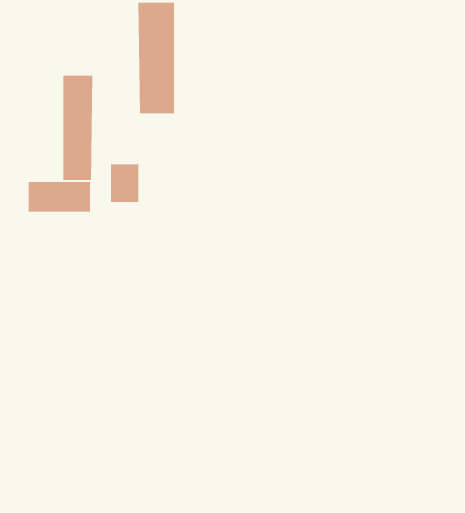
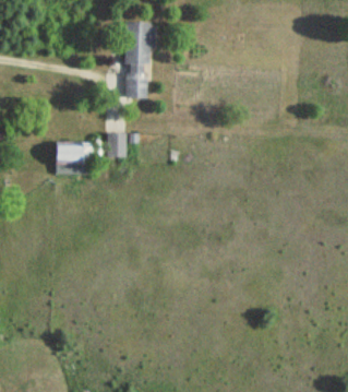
building: [63,75,93,181] -> none

